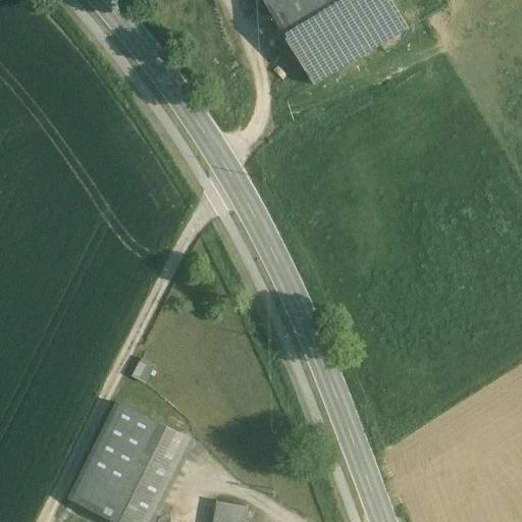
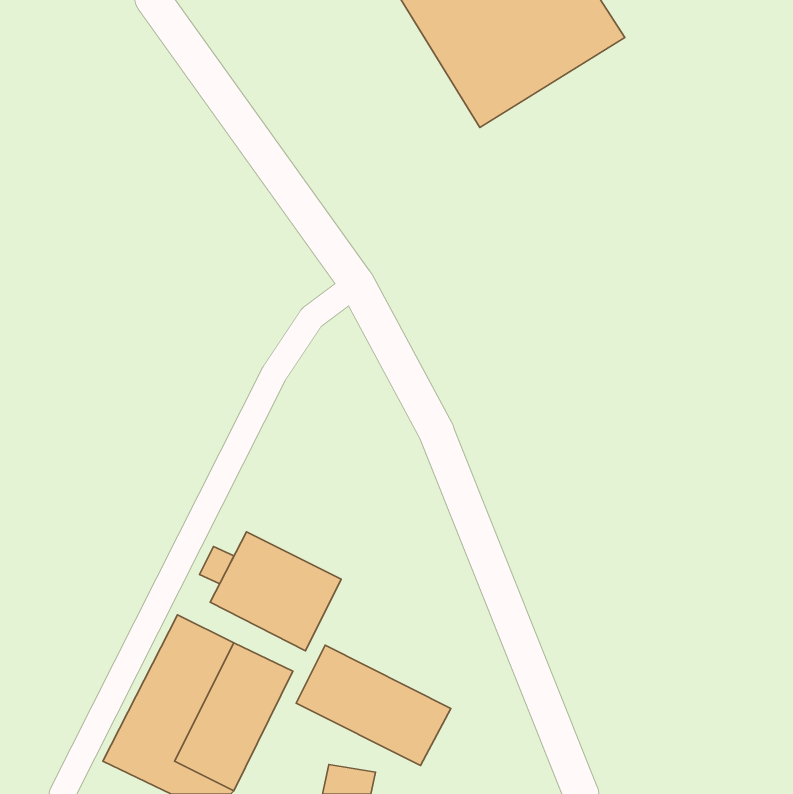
building: none -> [210,532,341,651]
building: none -> [296,645,451,765]

